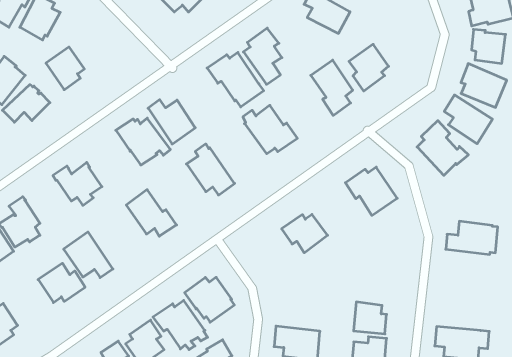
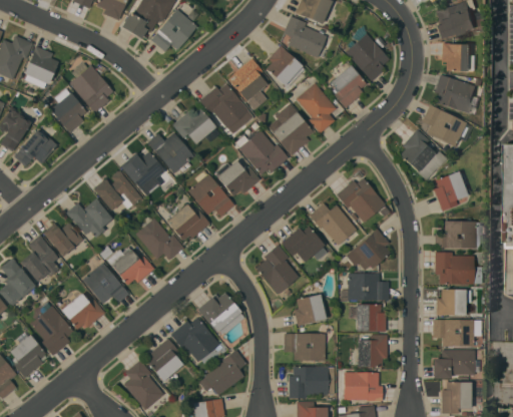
building: none -> [346,33,389,81]
building: none -> [69,62,113,113]
building: none -> [267,45,305,87]
building: none -> [172,104,220,144]
building: none -> [273,111,313,155]
building: none -> [93,170,142,211]
building: none -> [217,160,261,195]
building: none -> [434,171,468,212]
building: none -> [167,203,210,241]
building: none -> [44,222,83,257]
building: none -> [309,202,357,245]
building: none -> [107,249,154,285]
building: none -> [346,229,391,270]
building: none -> [256,245,299,294]
building: none -> [435,252,482,285]
building: none -> [348,274,389,301]
building: none -> [31,306,74,355]
building: none -> [295,294,327,326]
building: none -> [437,290,472,315]

